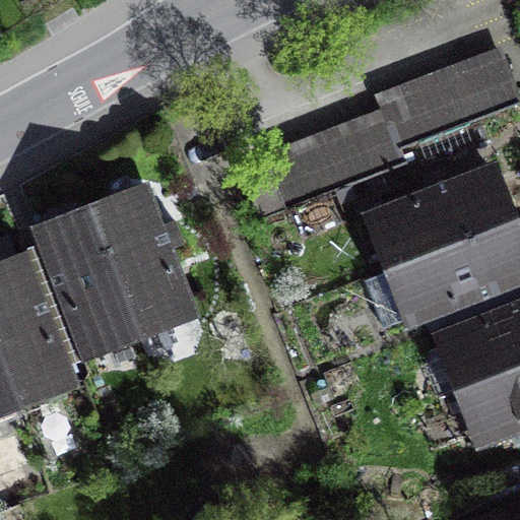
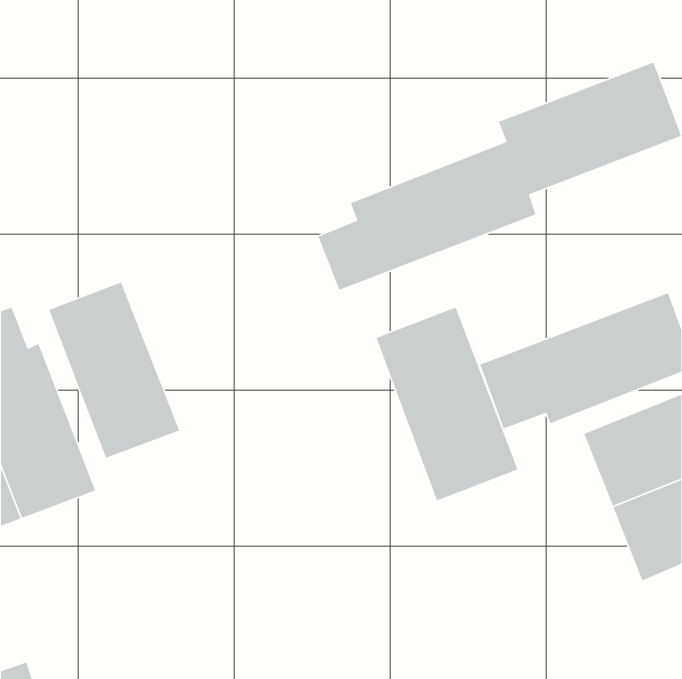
building: [376,168,509,267] -> none
building: [92,194,193,330] -> none
building: none -> [375,307,518,502]

